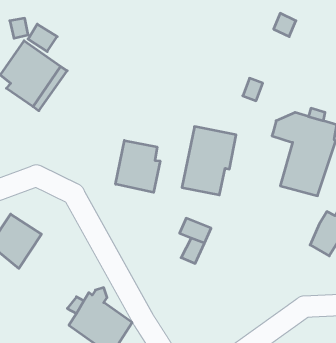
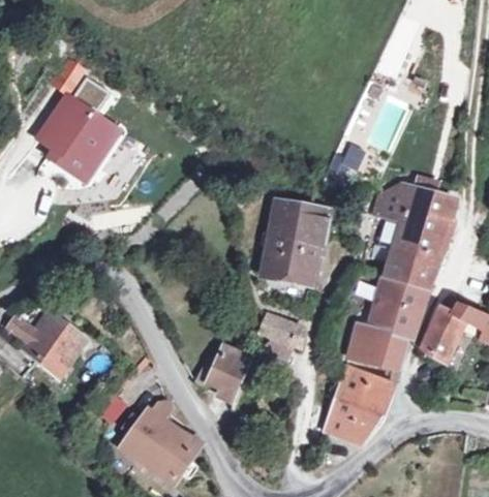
building: [116,140,160,192] -> none
building: none -> [348,274,431,369]
building: none -> [193,348,252,402]
building: none -> [326,367,394,444]

